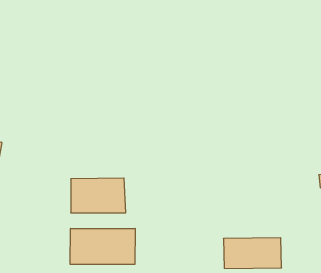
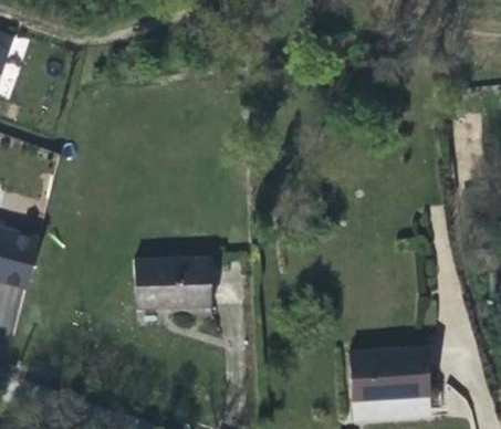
building: [70,228,135,264] -> none

